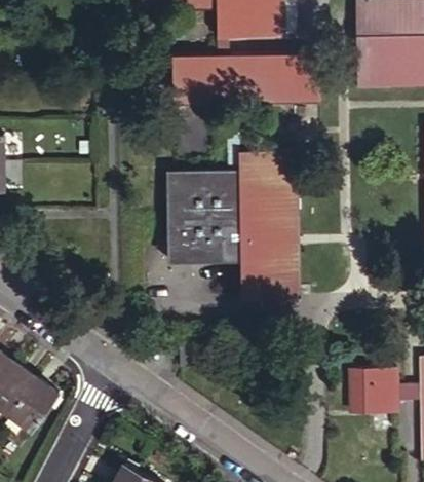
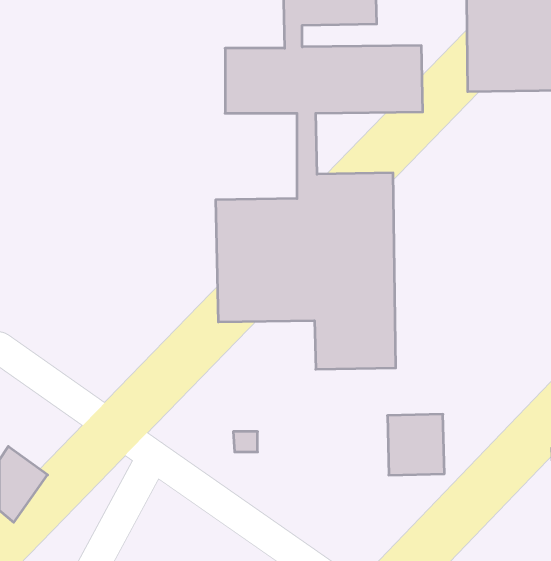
building: [352,368,395,414] -> [387,414,444,475]
building: [11,378,59,429] -> none

